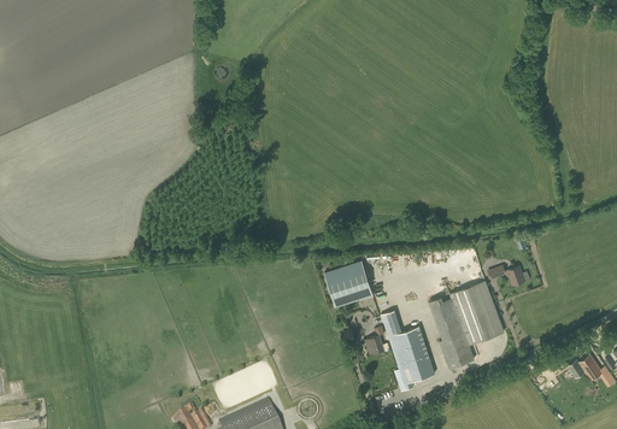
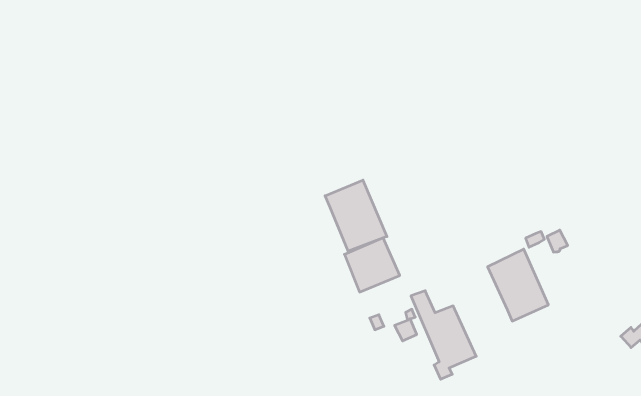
building: none -> [325,180,387,251]
building: [428,294,474,369] -> none

